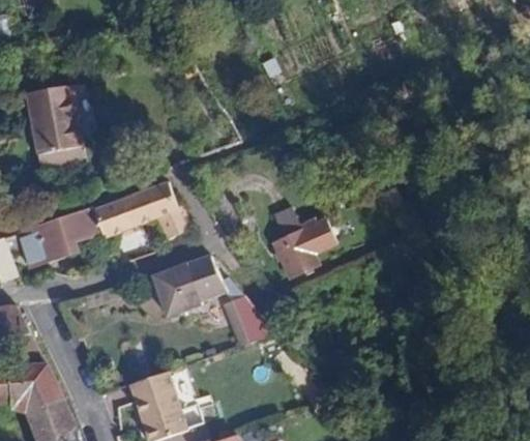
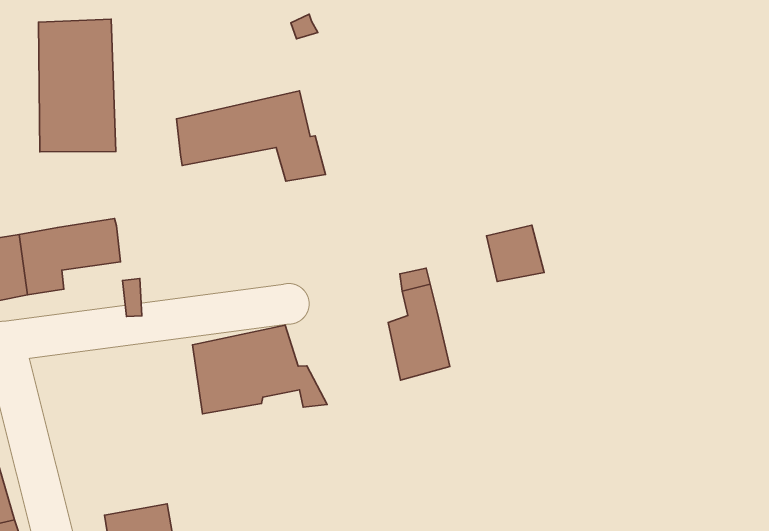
building: [96,179,194,237] -> [177,91,326,181]
building: [302,217,342,256] -> [486,225,544,282]
building: [224,297,273,346] -> none

